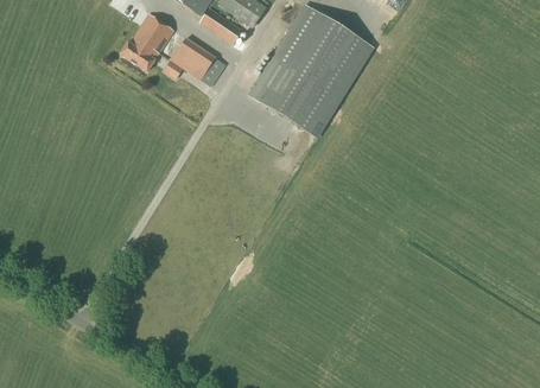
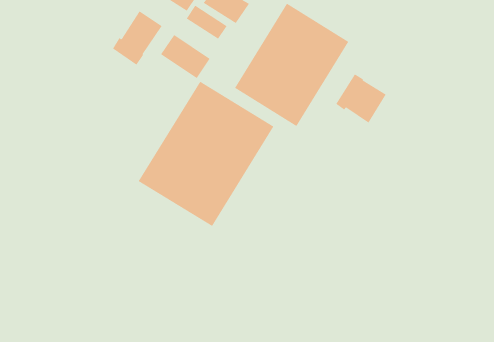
building: none -> [336,73,387,123]
building: none -> [138,81,274,227]

